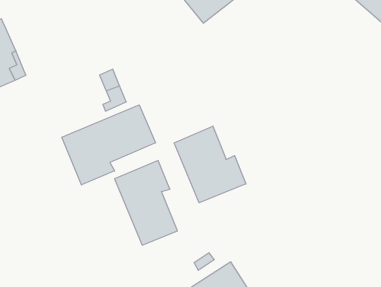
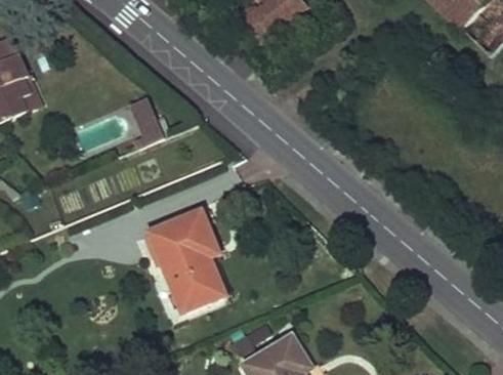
building: [62,105,155,185] -> none
building: [174,126,246,203] -> none

